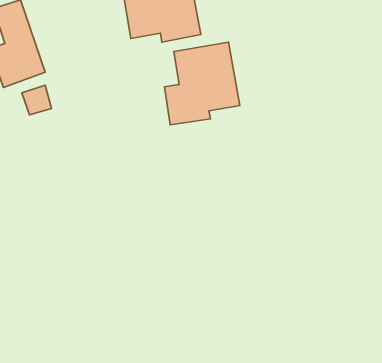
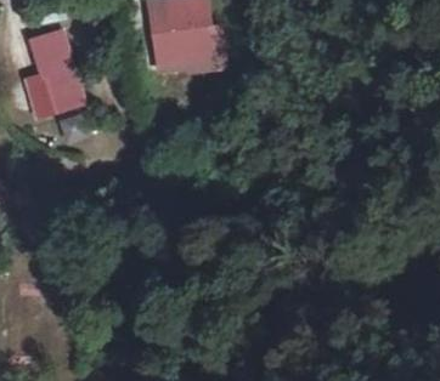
building: [164,42,240,125] -> none

